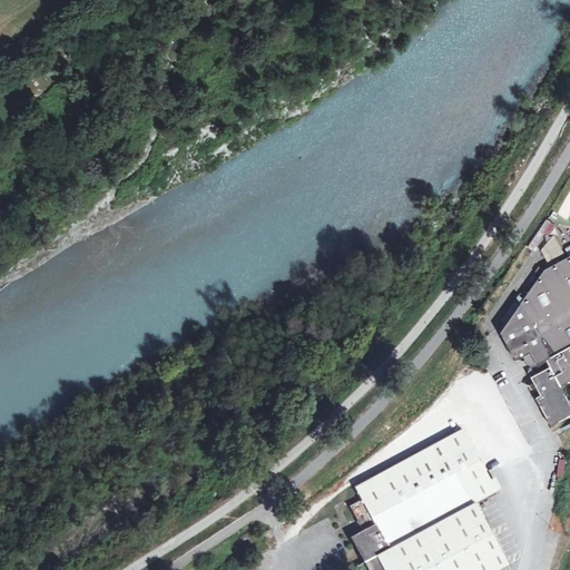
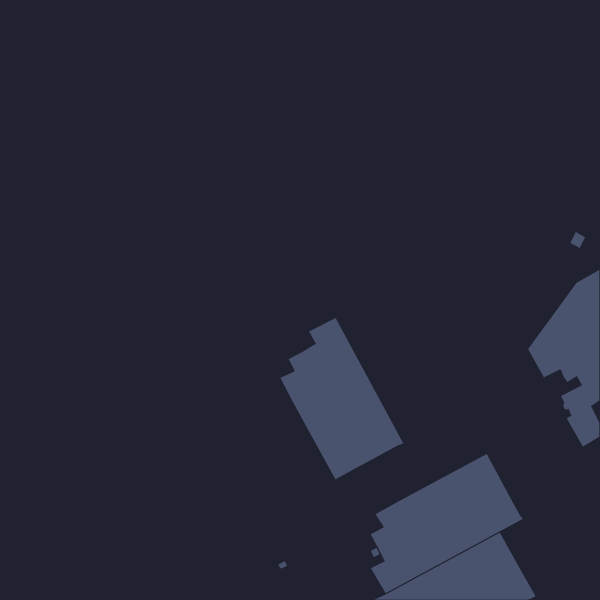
building: none -> [280,317,404,480]

